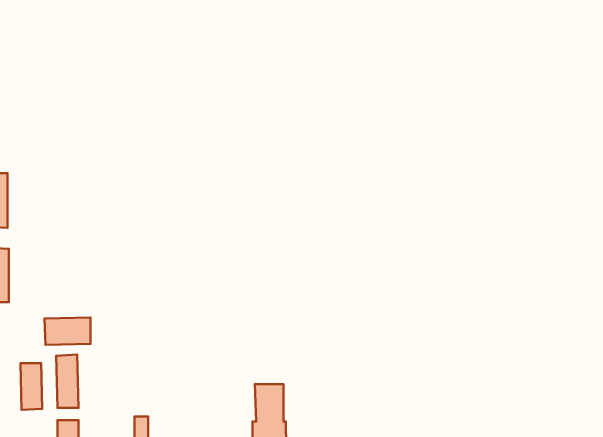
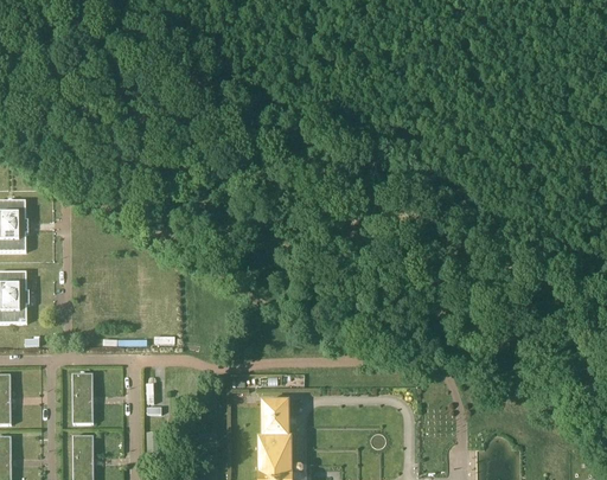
building: [45,318,90,345] -> none
building: [21,363,42,410] -> none

